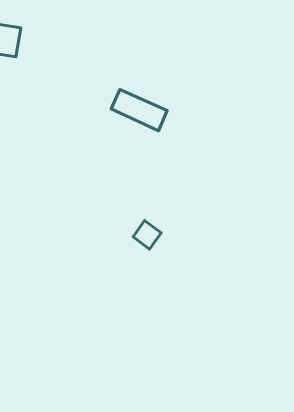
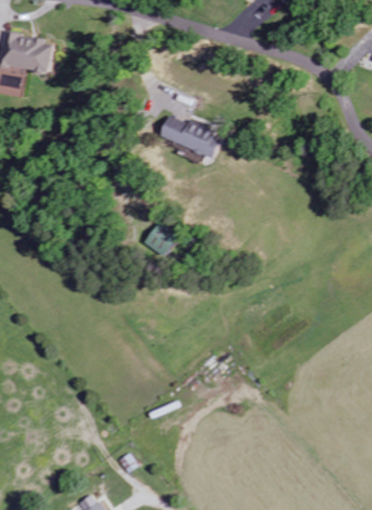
building: [133,220,161,249] -> [146,222,178,255]

